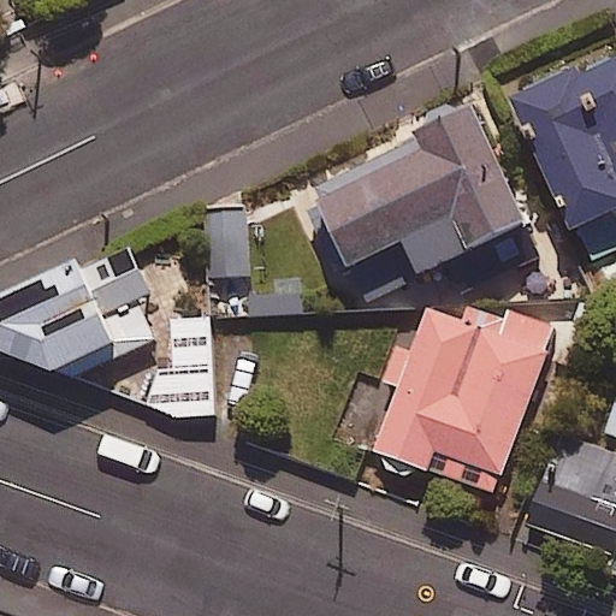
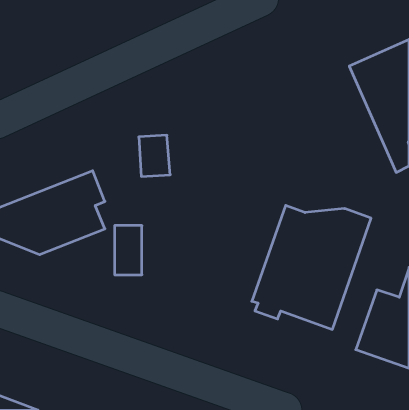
building: [300,108,528,301] -> none

